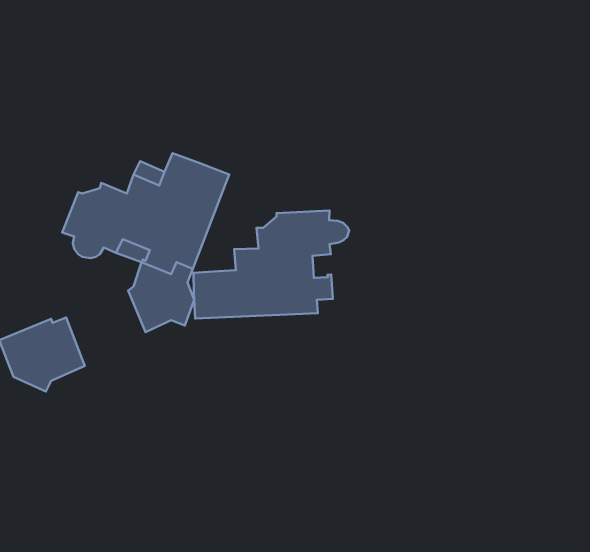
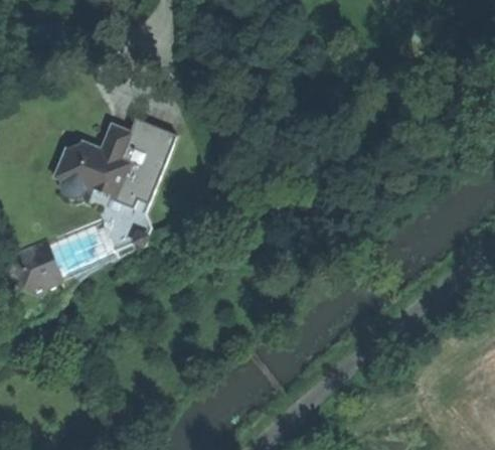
building: [193,211,349,318] -> none

